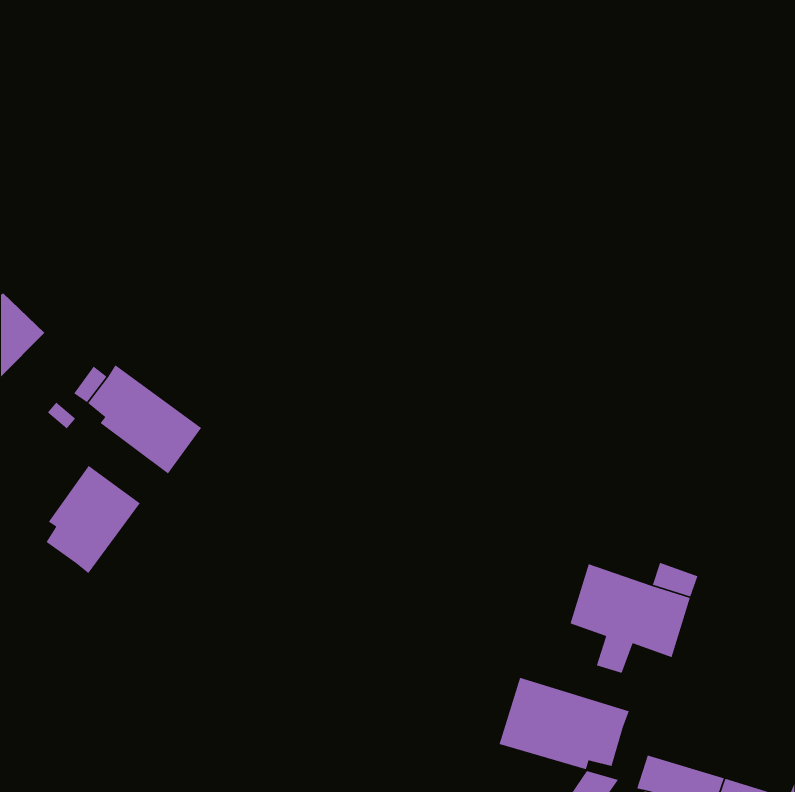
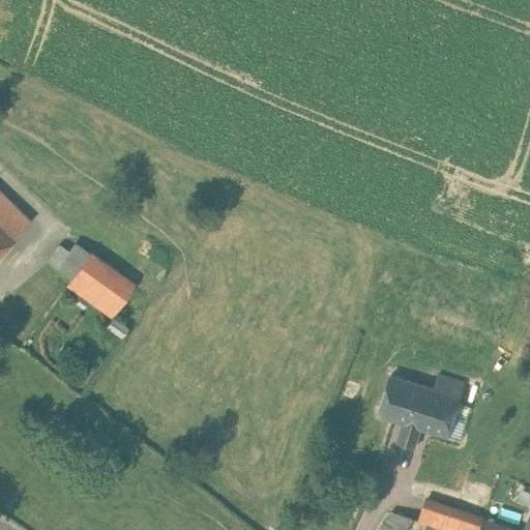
building: [45,465,141,574] -> none
building: [499,677,630,770] -> none

